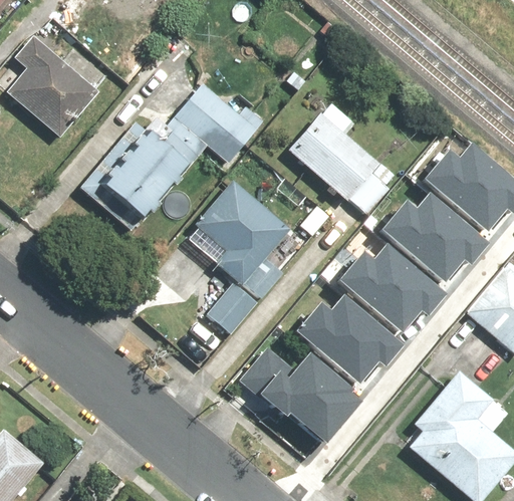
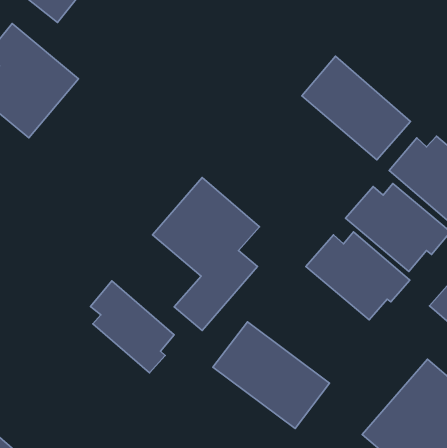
building: [93,83,261,229] -> none
building: [285,112,396,218] -> [302,56,411,160]
building: none -> [91,281,174,373]
building: [296,292,405,377] -> none

